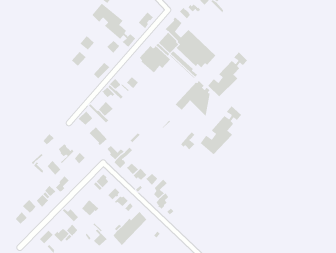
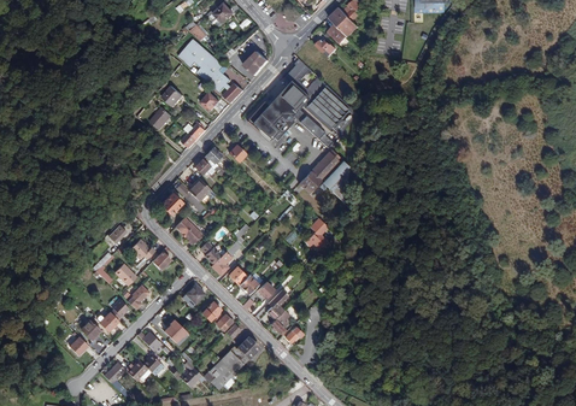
building: [207,51,248,97] -> none
building: [200,106,242,155] -> none

